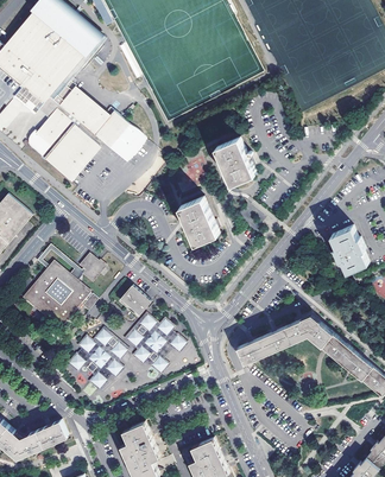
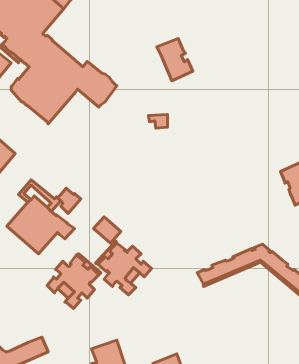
building: [215,136,255,184] -> [157,38,193,81]
building: [179,196,219,243] -> none

